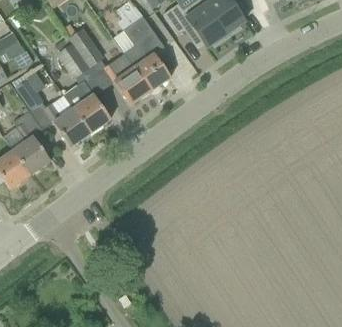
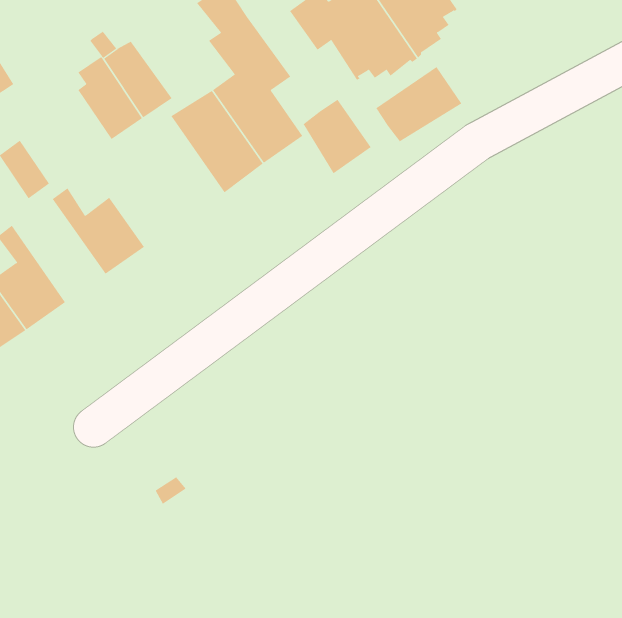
building: none -> [376,66,462,142]
building: none -> [303,99,372,174]
building: [63,80,110,132] -> none

